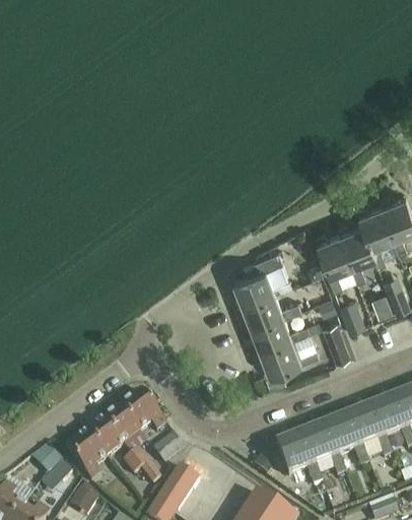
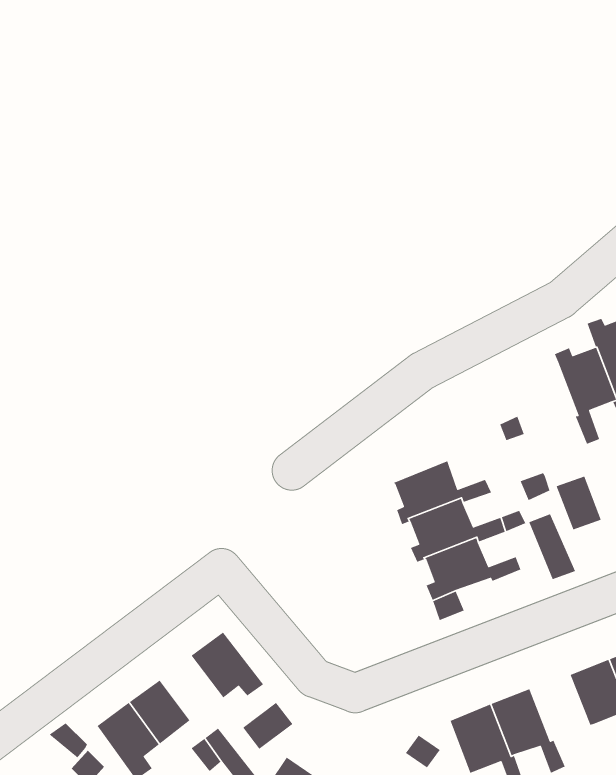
building: [316,231,352,288] -> none
building: [233,249,292,305] -> none
building: [105,404,142,443] -> none
building: [324,415,368,464] -> none

